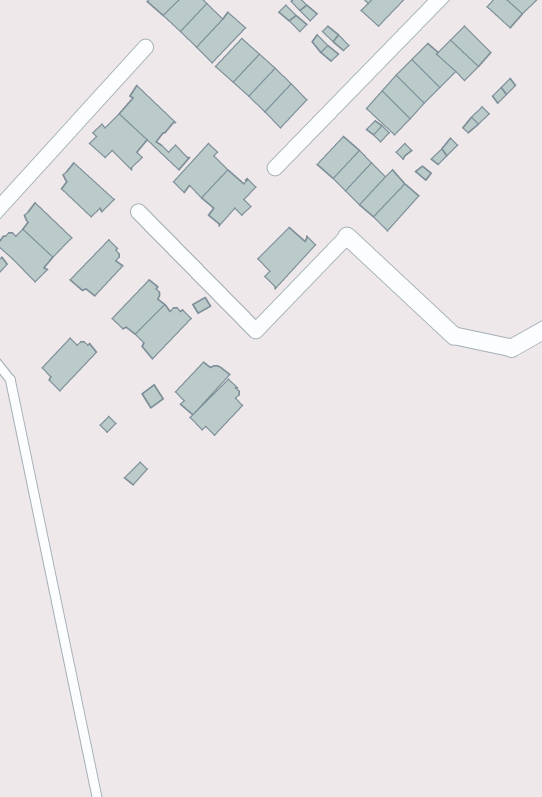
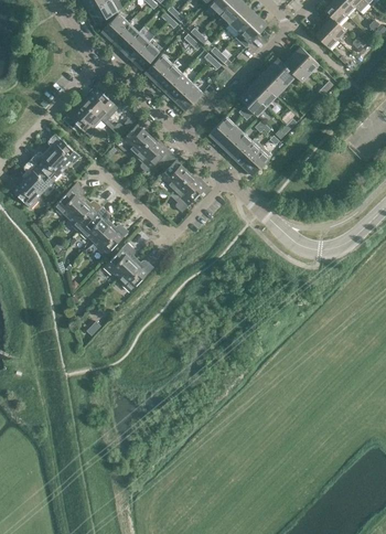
building: none -> [30,150,65,181]
building: none -> [152,158,190,194]
building: [42,338,97,391] -> [67,199,101,232]
building: [190,379,243,435] -> [103,243,136,278]

